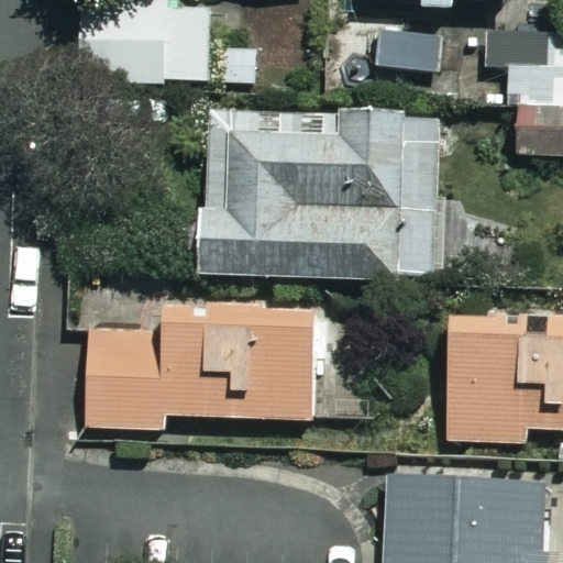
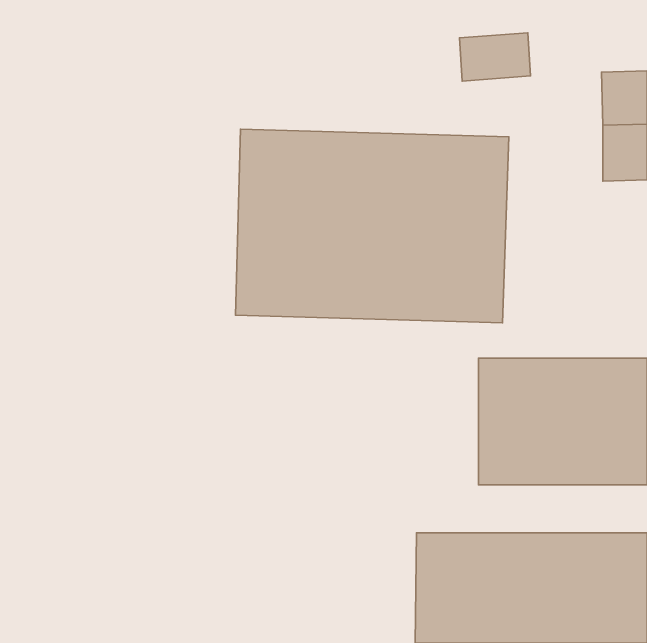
building: [93,10,211,85] -> none
building: [137,312,297,427] -> none

